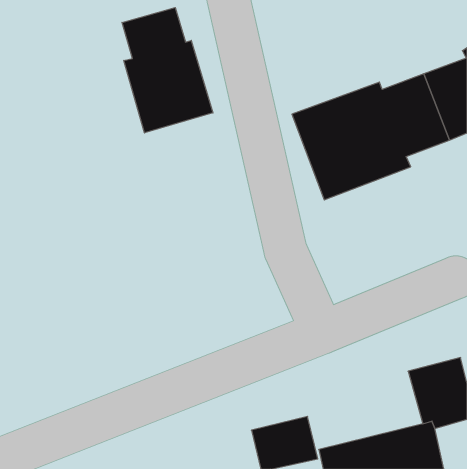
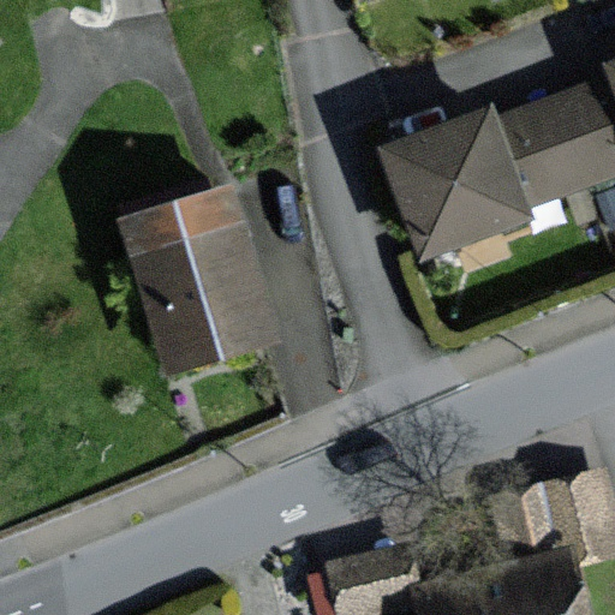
building: [122,8,213,133] -> none
building: none -> [118,186,275,375]

